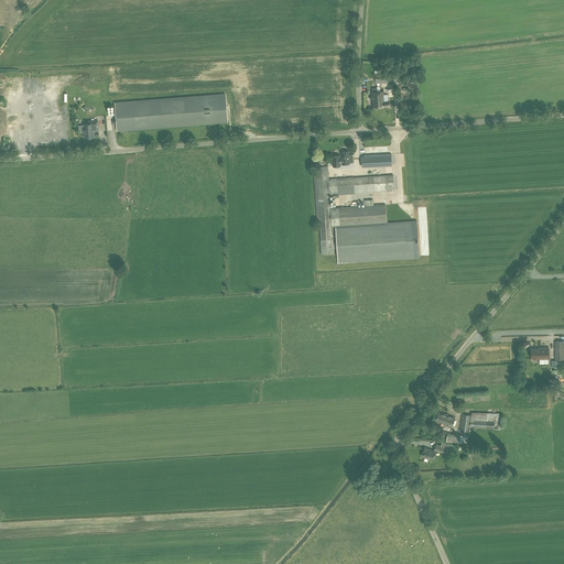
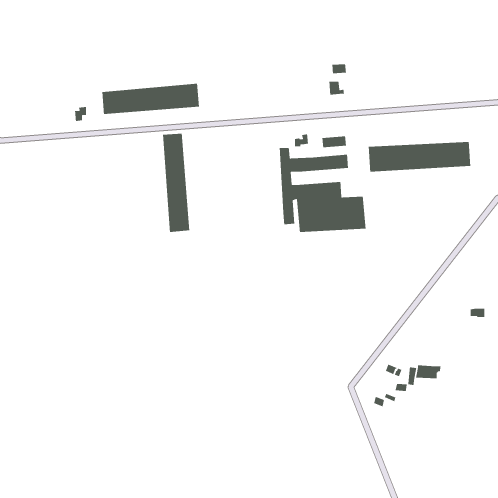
building: none -> [162,133,190,233]
building: none -> [368,141,471,173]

